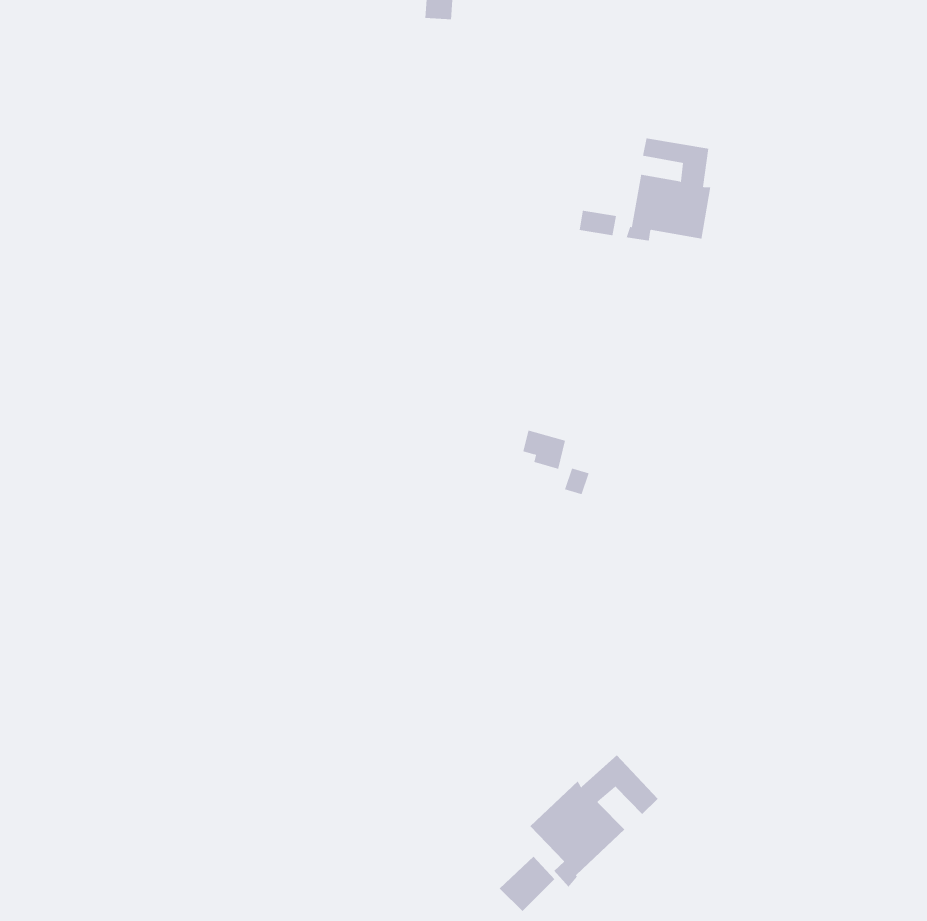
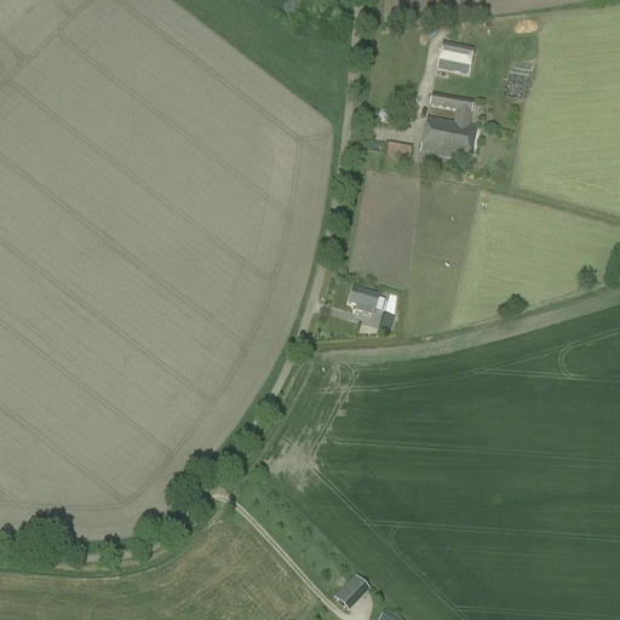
building: none -> [435,40,473,76]
building: [530,754,659,888] -> none

